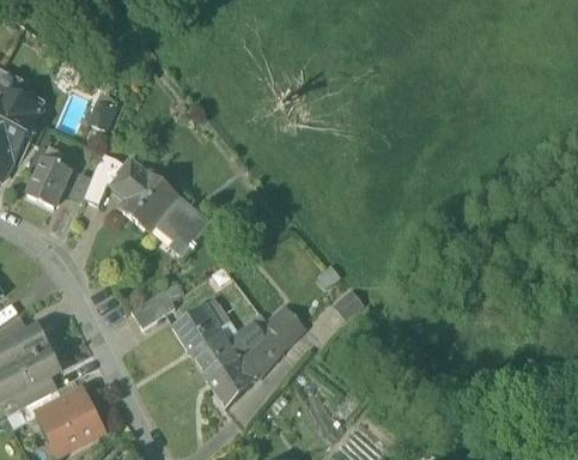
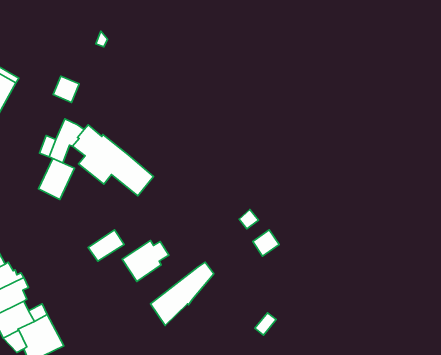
building: [28,157,72,207] -> [38,159,74,199]
building: [267,303,305,345] -> none
building: [190,319,266,380] -> none

